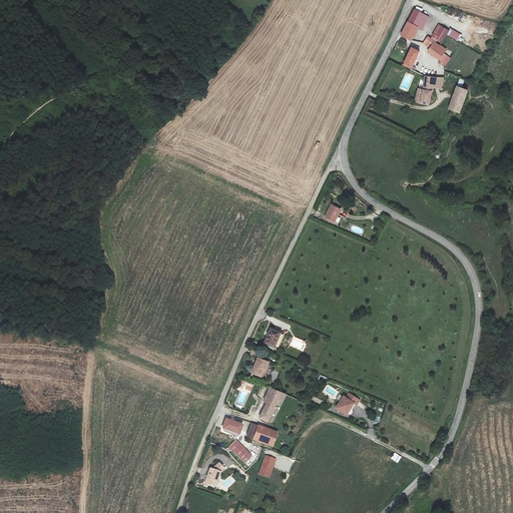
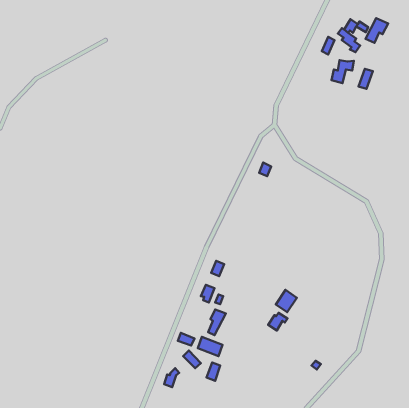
building: [401,8,429,39] -> [366,18,388,43]
building: none -> [276,290,297,312]

